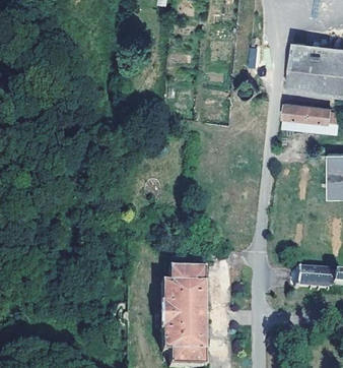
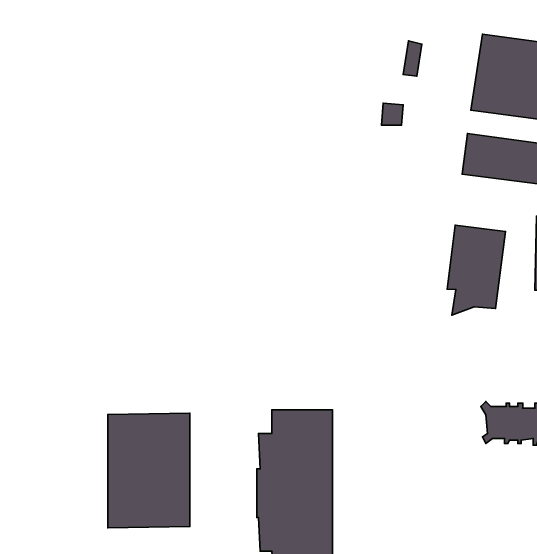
building: none -> [447,225,505,315]
building: none -> [108,413,190,528]

